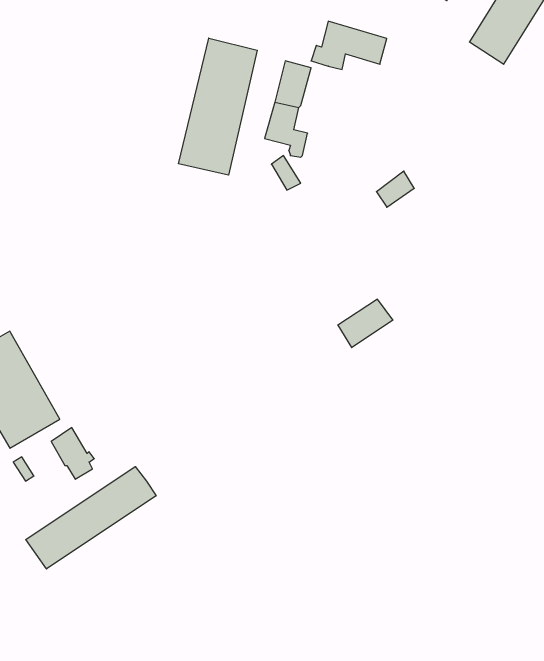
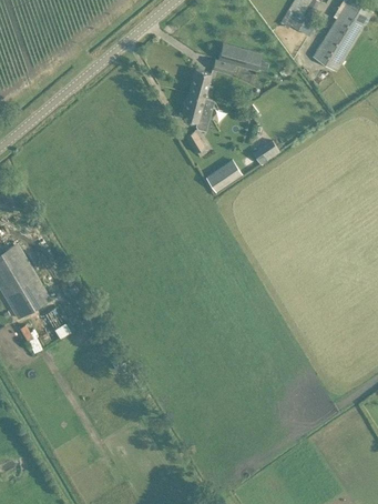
building: [179,38,257,175] -> none
building: [338,299,393,348] -> [205,165,241,196]
building: [26,467,156,569] -> none

